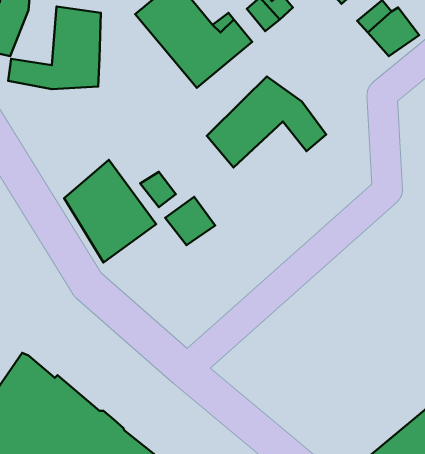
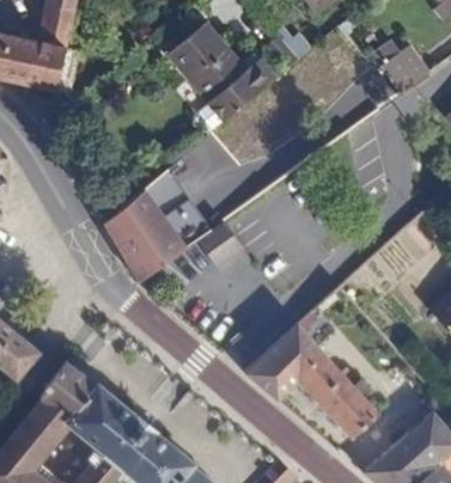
building: [8,6,101,89] -> none
building: [207,77,326,168] -> none
building: none -> [244,323,380,439]

